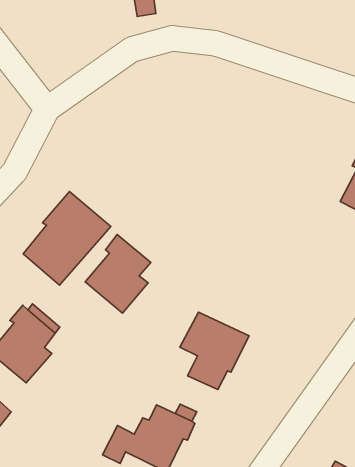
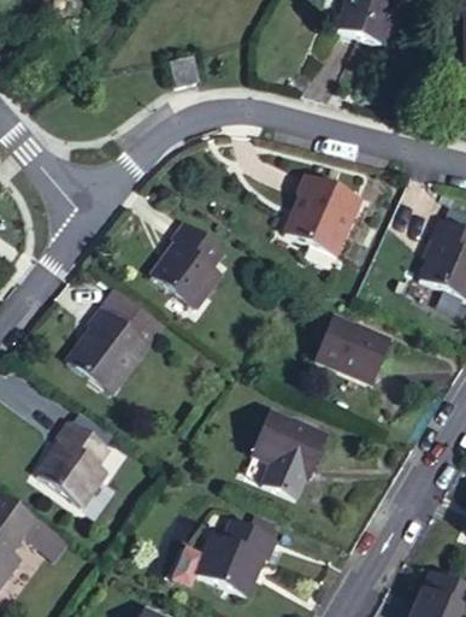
building: none -> [285,174,361,255]
building: none -> [314,317,390,381]
building: [85,235,151,313] -> [151,219,223,307]

